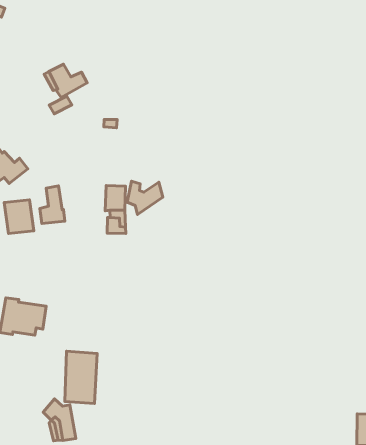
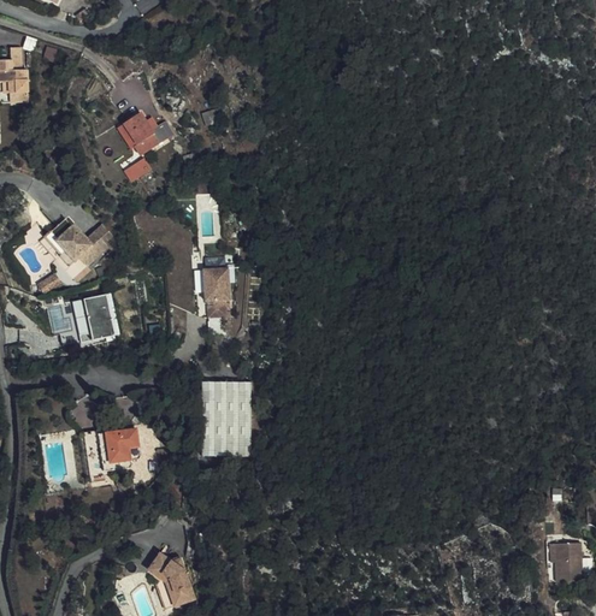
building: [127,181,163,214] -> none
building: [40,186,65,223] -> none
building: [65,351,97,404] -> [202,390,243,455]

